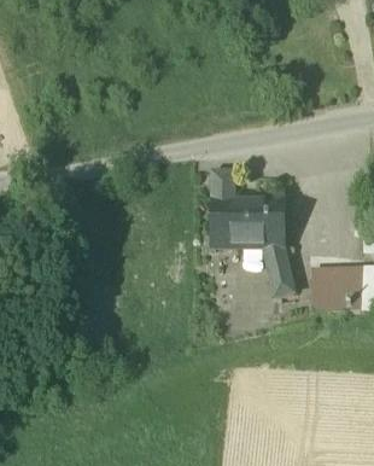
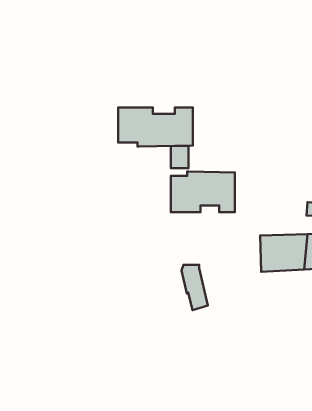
building: none -> [118,108,193,147]
building: [264,246,293,296] -> [181,265,208,310]

